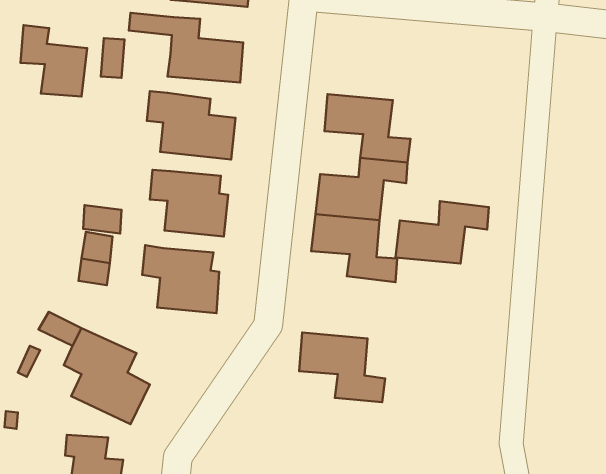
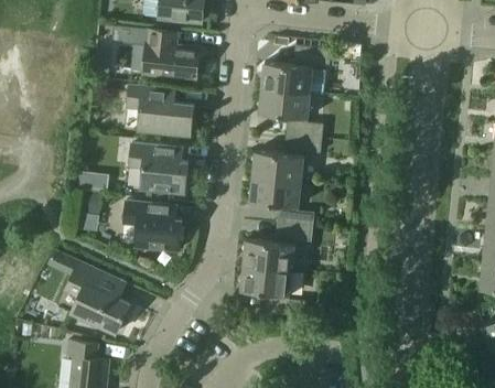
building: [21,25,87,97] -> none
building: none -> [261,45,331,91]
building: [395,201,489,263] -> [243,223,312,269]

